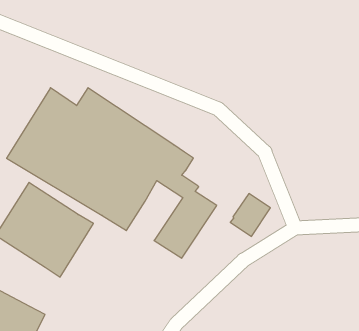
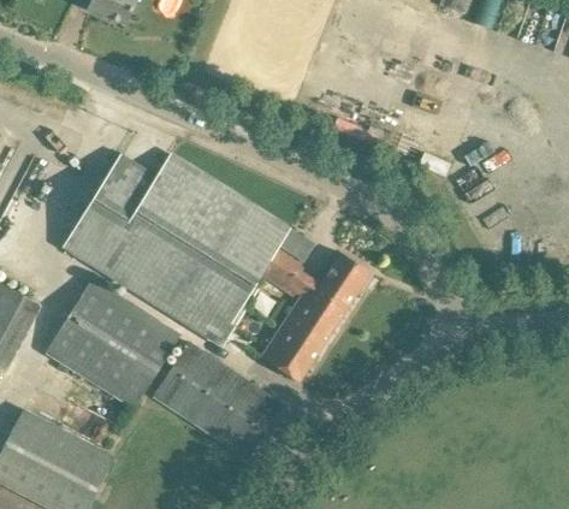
building: [230,194,270,236] -> [315,253,369,310]
building: none -> [152,342,283,458]

